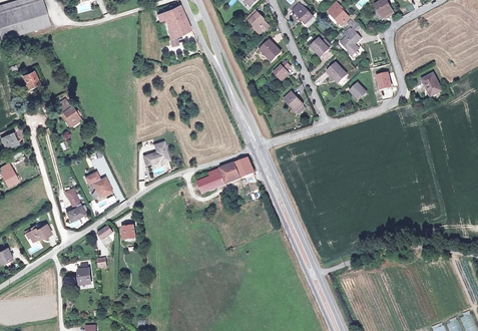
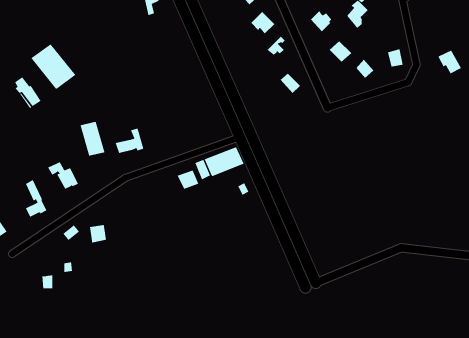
building: none -> [30,43,76,90]
building: none -> [80,121,105,156]

